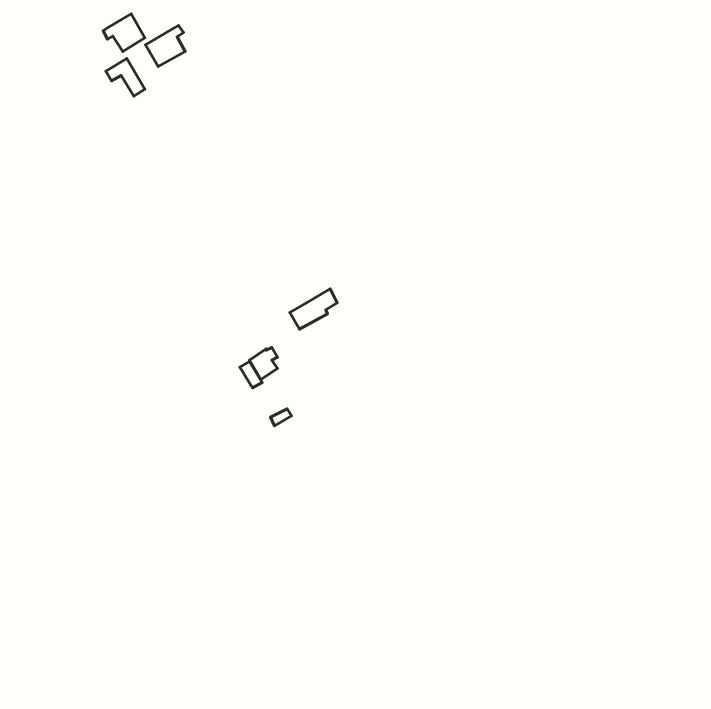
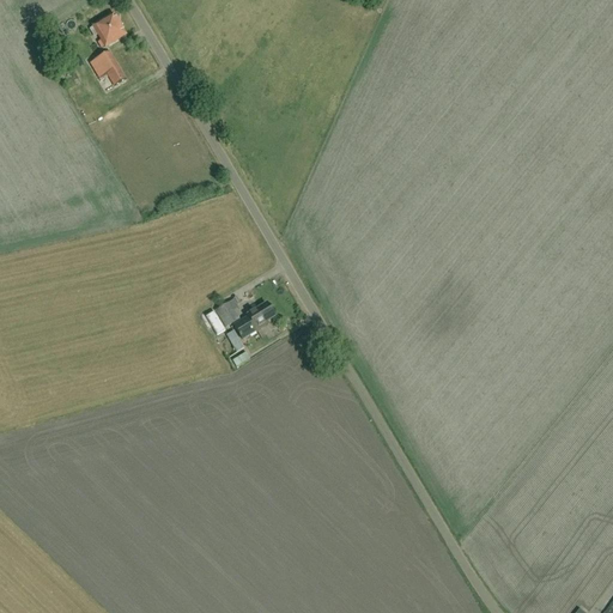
building: [145,26,185,67] -> none
building: [290,289,337,329] -> [233,303,274,338]

